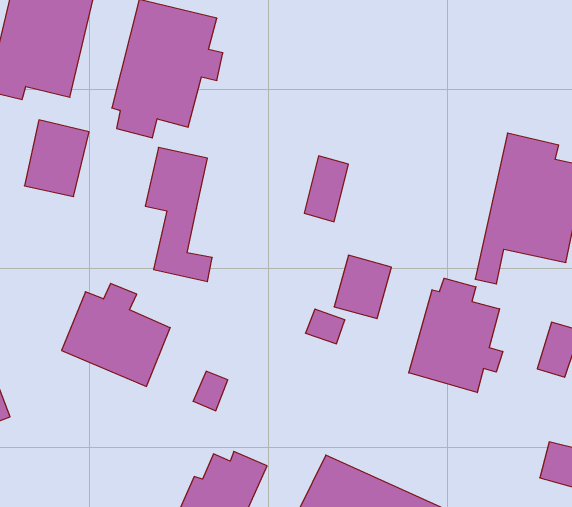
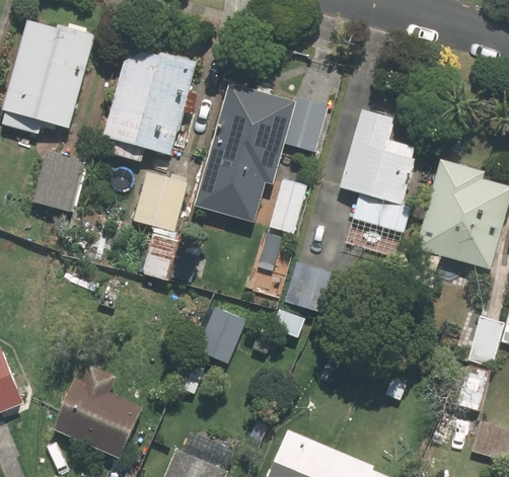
building: none -> [209,83,324,197]
building: none -> [341,108,416,258]
building: [409,278,503,393] -> none
building: [62,283,170,386] -> [49,372,141,459]
building: none -> [195,303,245,363]

